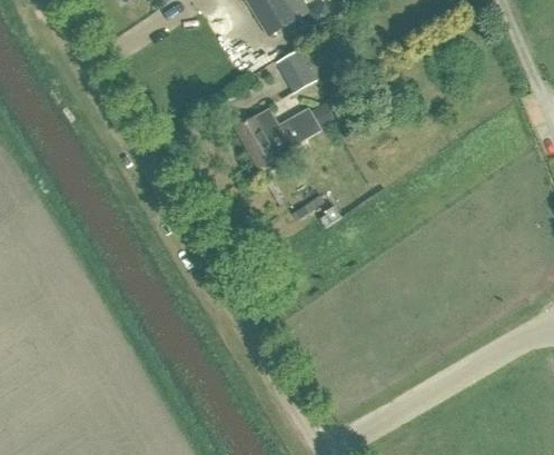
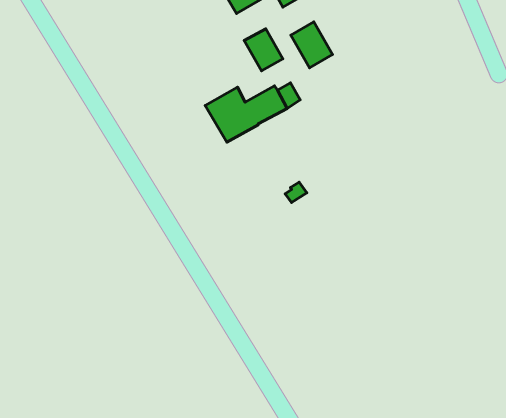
building: none -> [291,22,332,68]

